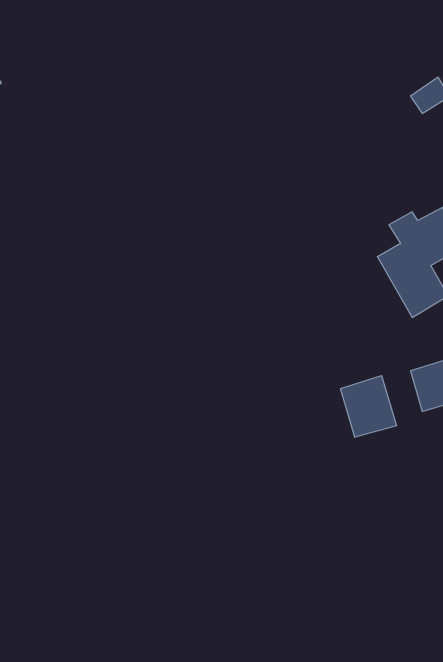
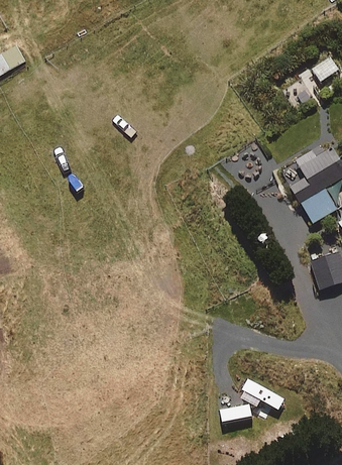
building: [341,376,396,437] -> none

